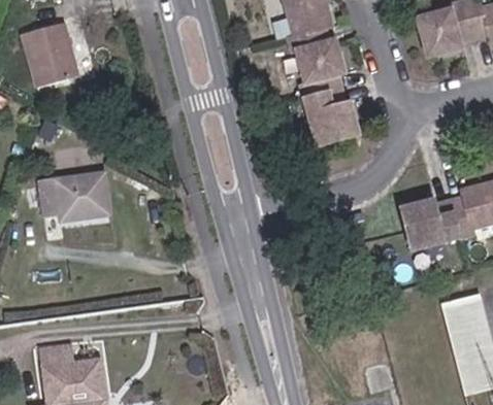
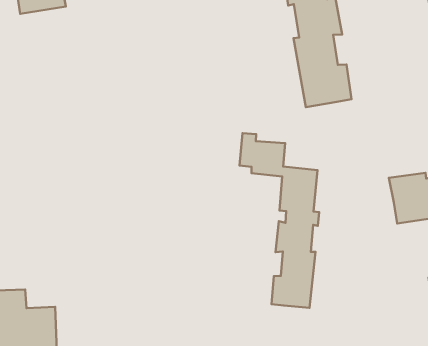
building: [42,174,110,222] -> none
building: none -> [239,133,319,308]

